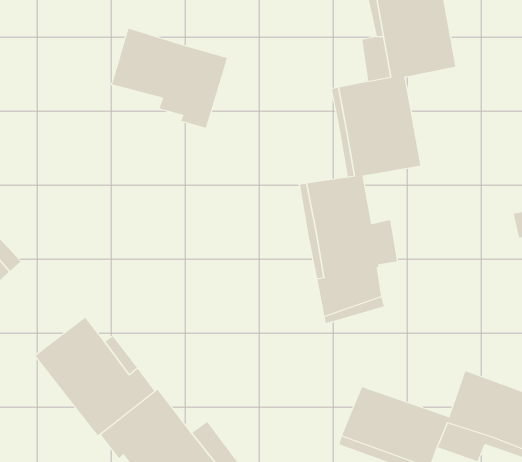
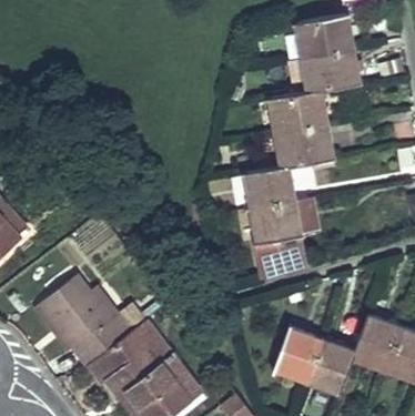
building: [111,28,227,128] -> none

